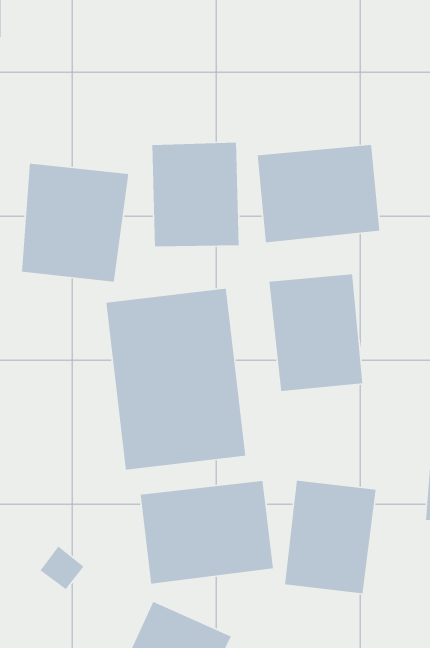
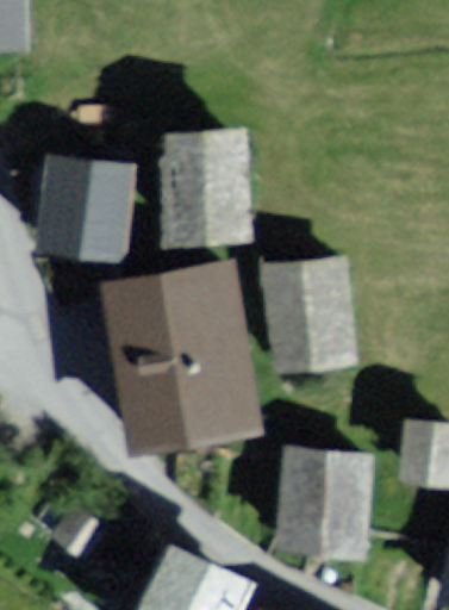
building: [257,144,380,243] -> none
building: [140,480,274,584] -> none

